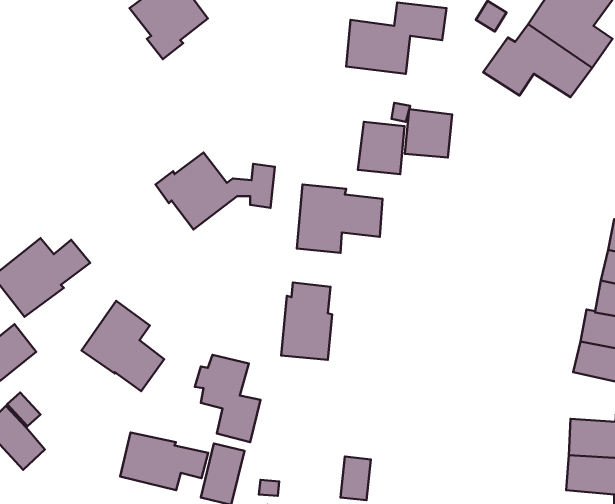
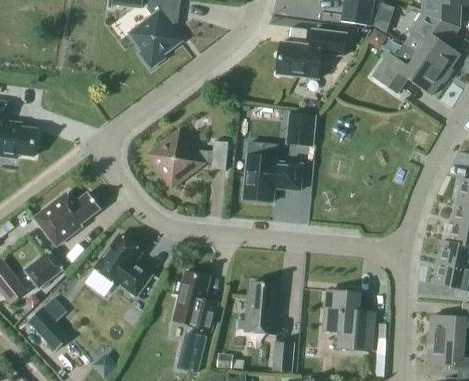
building: [405,109,452,157] -> none
building: [281,283,332,360] -> [244,280,279,333]
building: none -> [324,289,374,349]
building: [120,432,208,490] -> none

